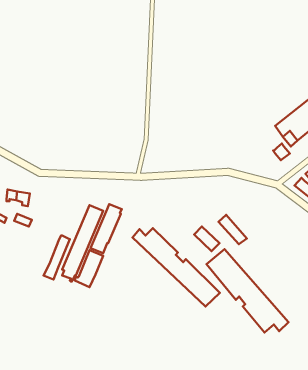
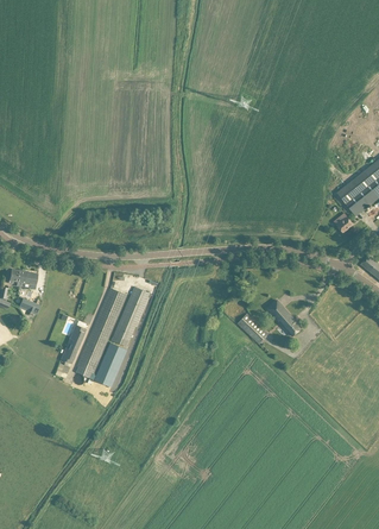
building: [132,228,220,307] -> none
building: [206,249,288,332] -> none

